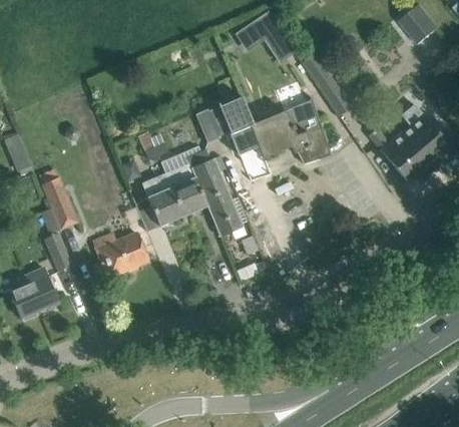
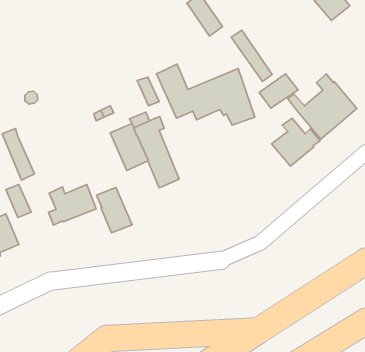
building: none -> [259,74,298,108]
building: none -> [272,118,320,166]
building: [142,173,183,226] -> [97,187,132,233]

